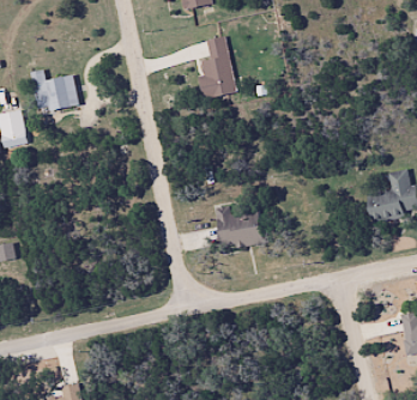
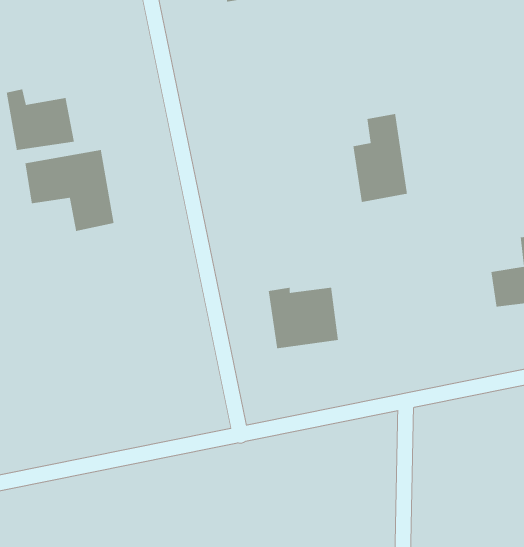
building: [197,36,235,98] -> [353,113,408,203]
building: none -> [24,149,115,232]

